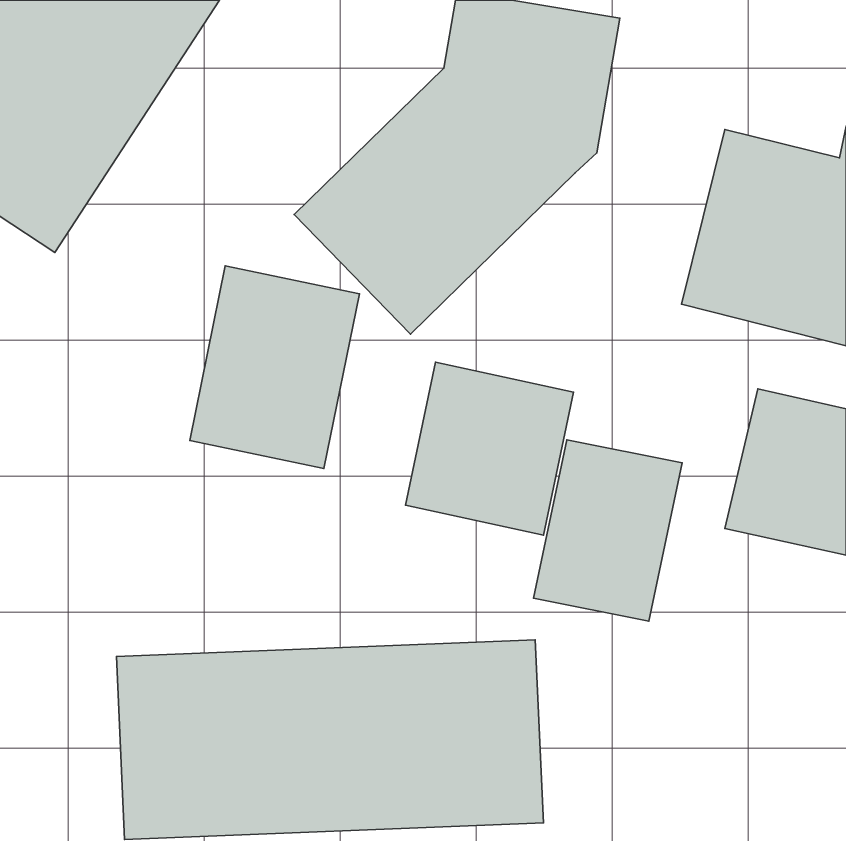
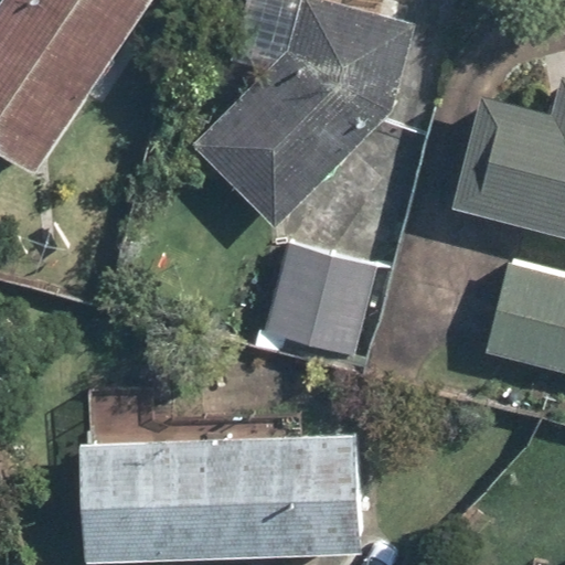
building: [190,266,359,469] -> none
building: [534,440,682,621] -> none

